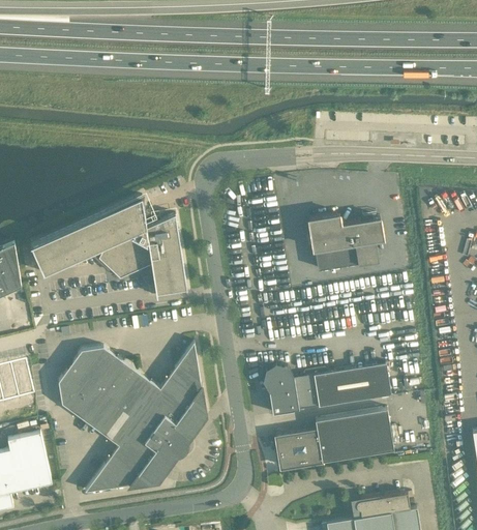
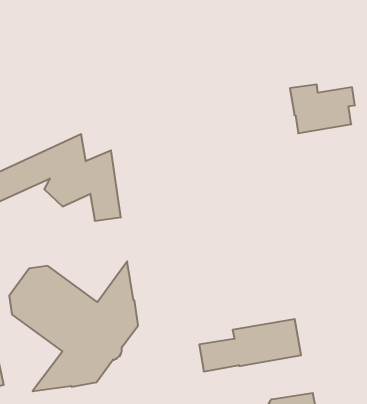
building: [308,215,383,271] -> [290,85,355,133]
building: [263,363,390,415] -> none

